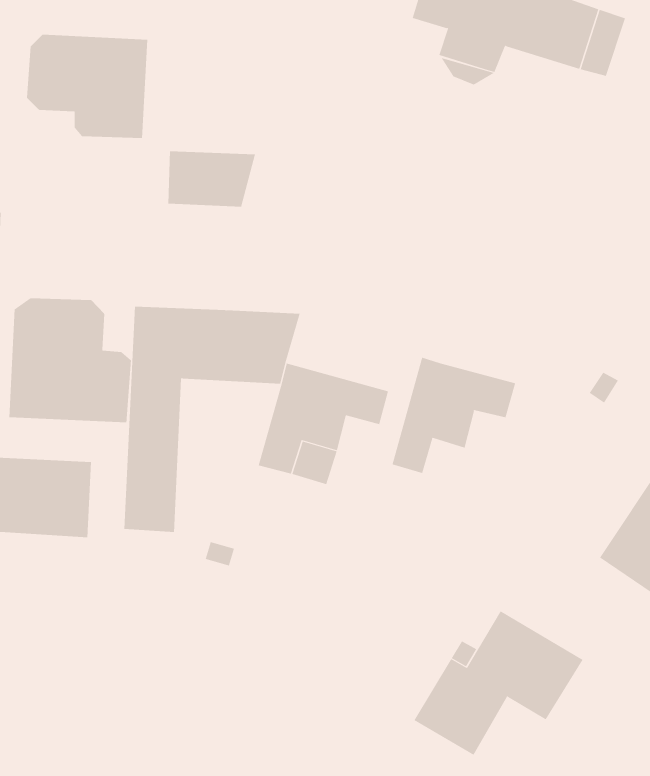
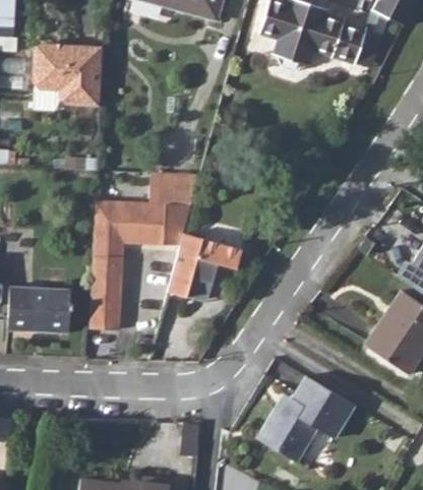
building: [167,151,256,207] -> [148,172,199,204]
building: [9,298,132,423] -> none
building: [392,357,516,474] -> none

